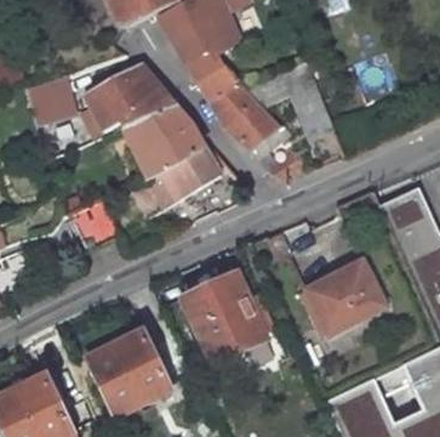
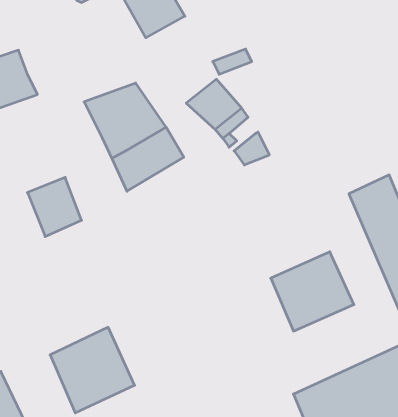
building: [196,58,253,120] -> none
building: [81,61,176,124] -> none
building: [188,280,269,367] -> none

